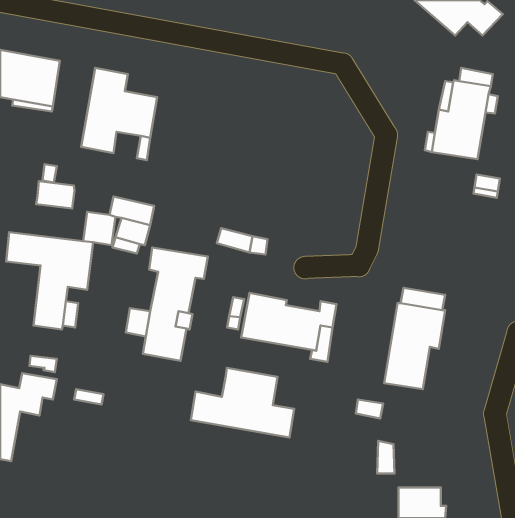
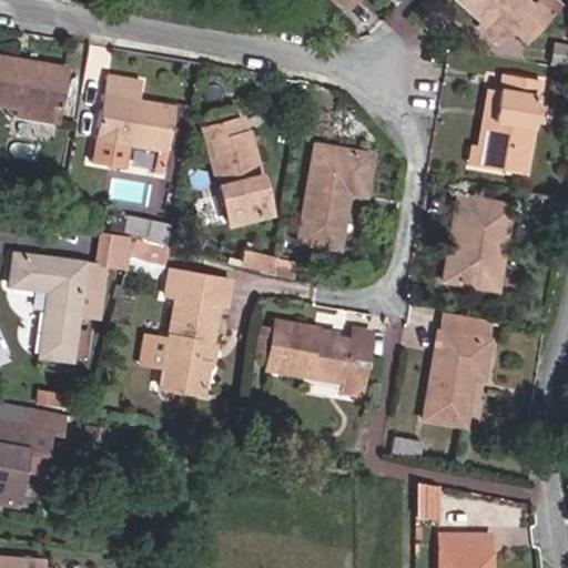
building: none -> [204,120,274,224]
building: none -> [298,144,373,250]
building: none -> [443,195,511,291]
building: [36,181,75,209] -> none
building: [191,368,294,437] -> none

